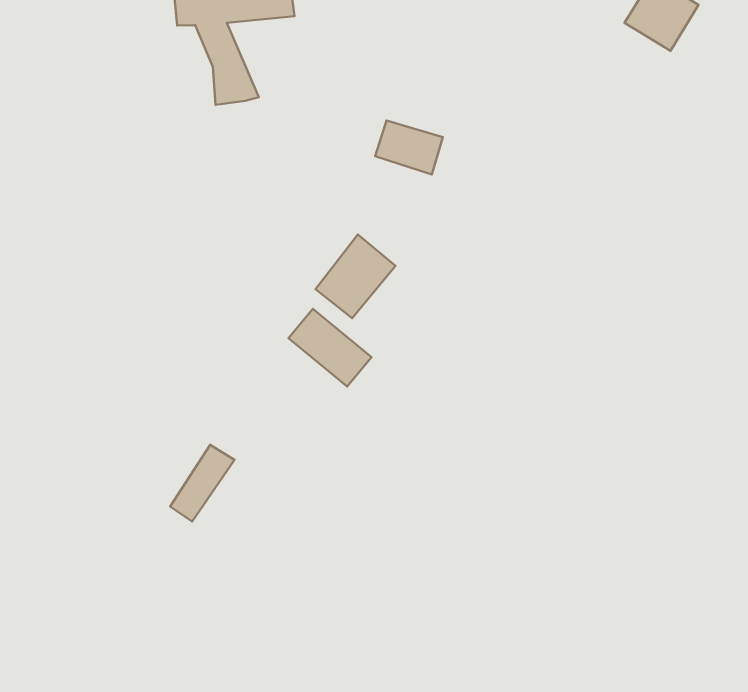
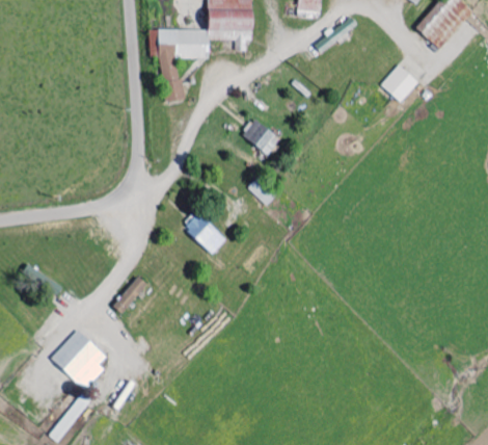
building: [316,235,396,318] -> none
building: none -> [51,328,107,388]

